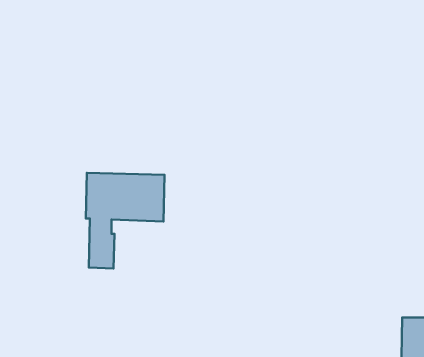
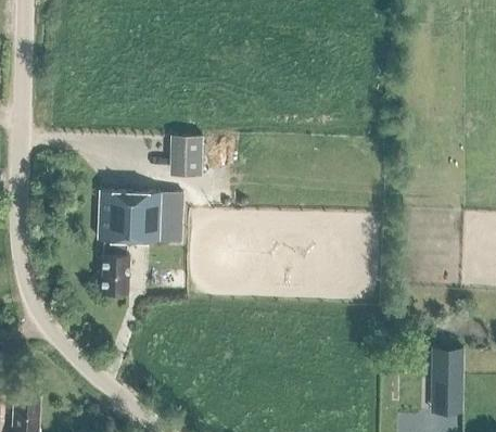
building: none -> [168,137,202,178]

